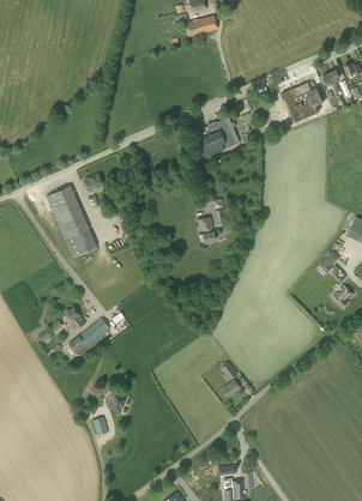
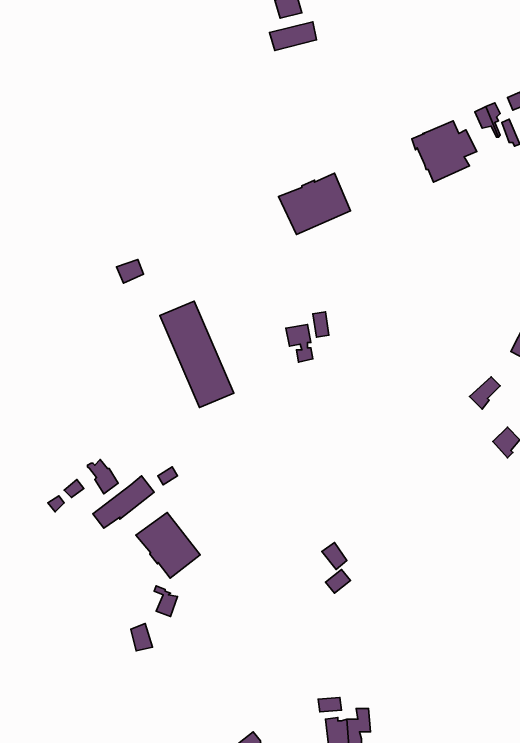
building: [47,186,96,256] -> [160,301,234,408]
building: none -> [136,513,200,578]

